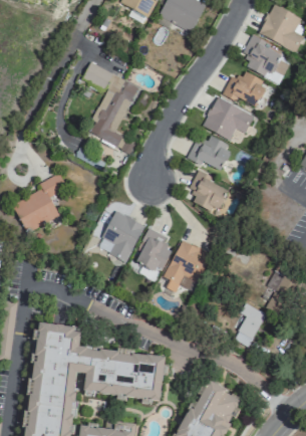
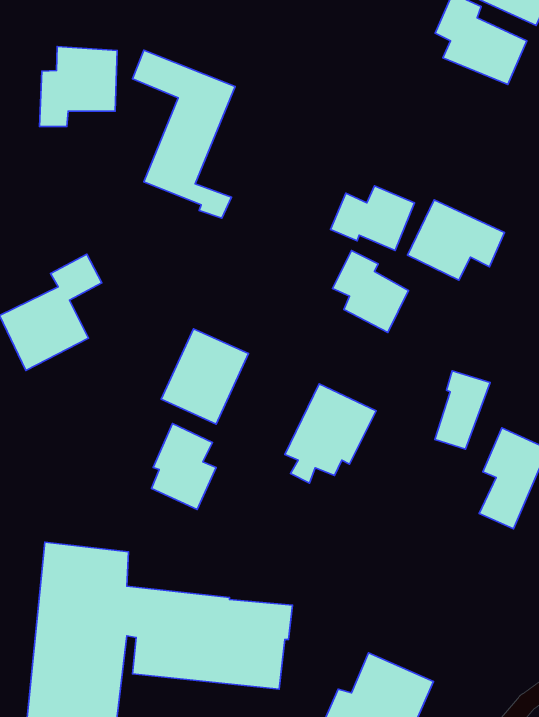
building: none -> [40,47,117,127]
building: [224,72,268,108] -> none
building: [204,97,255,140] -> [407,200,505,280]
building: [137,227,172,272] -> [151,424,216,509]
building: [236,304,265,346] -> [435,371,490,449]

